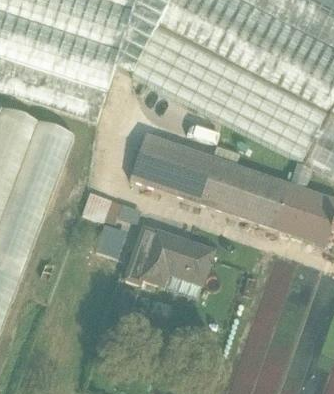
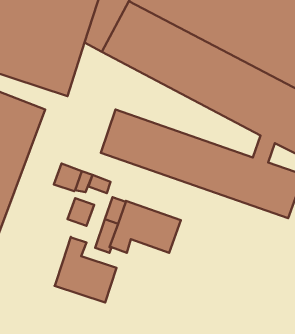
building: none -> [55,237,117,303]

